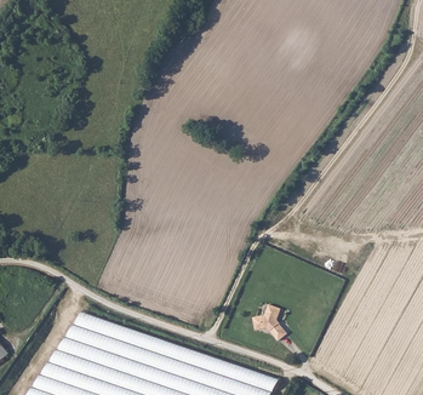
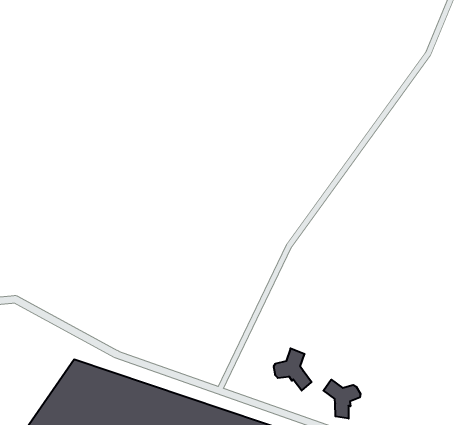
building: none -> [323,380,360,419]

